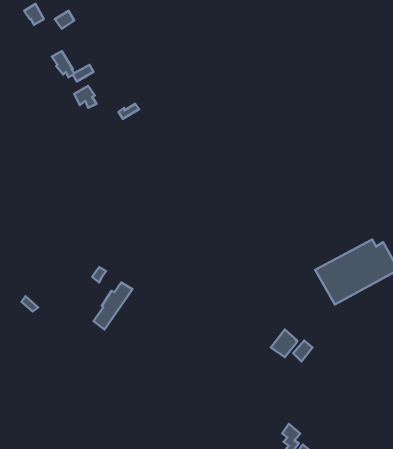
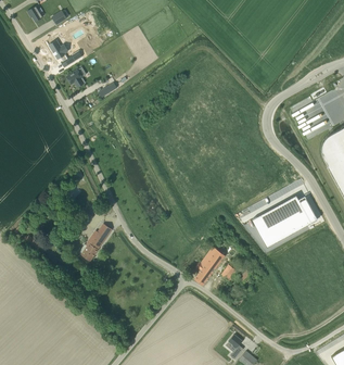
building: none -> [195,247,226,286]

